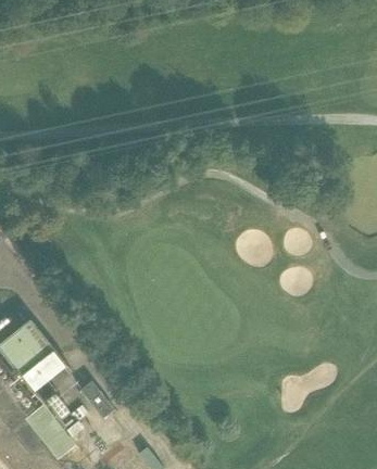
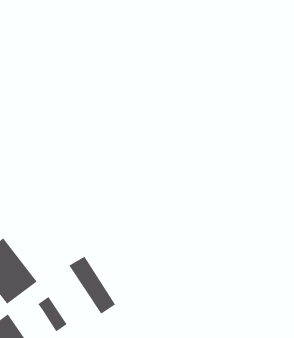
building: none -> [68,256,116,314]

